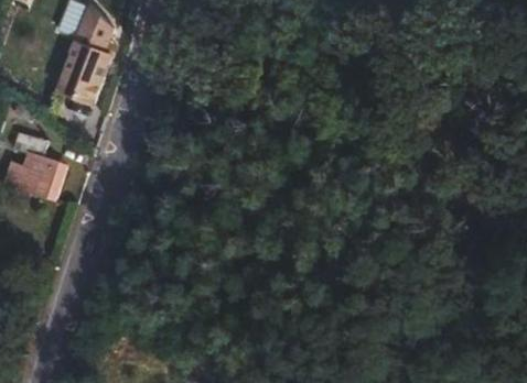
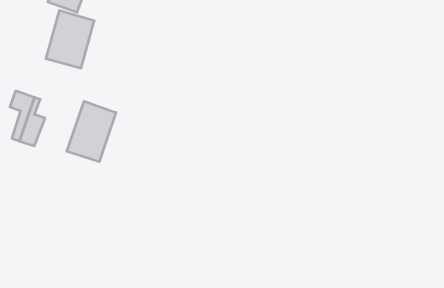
building: none -> [67,101,116,162]

